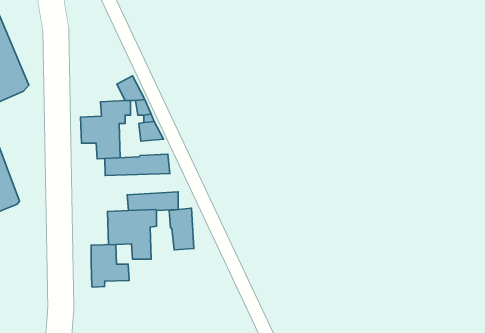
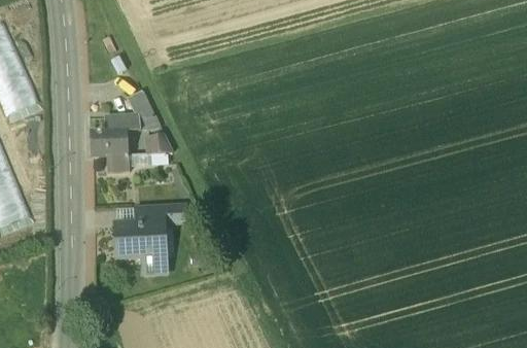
building: [105,154,170,175] -> none
building: [169,208,194,250] -> none
building: [91,245,129,287] -> none

